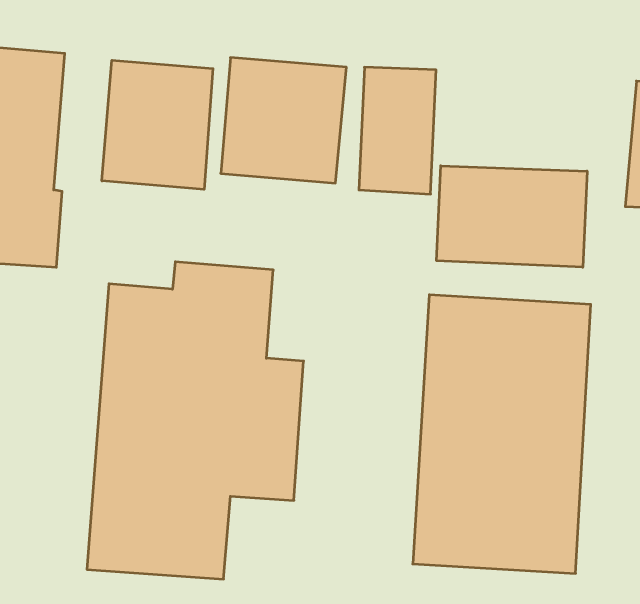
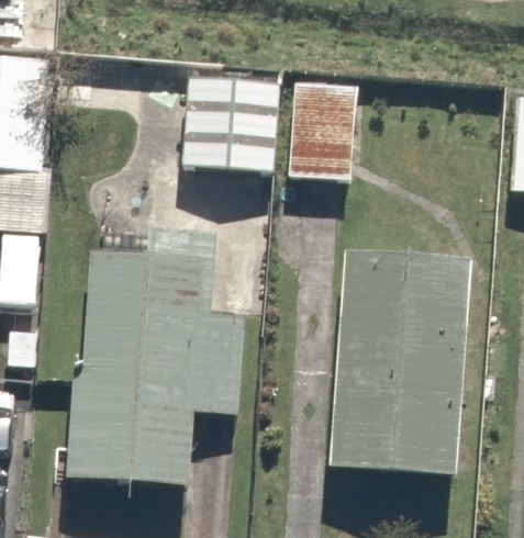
building: [102,60,213,189] -> none
building: [437,166,587,267] -> none

